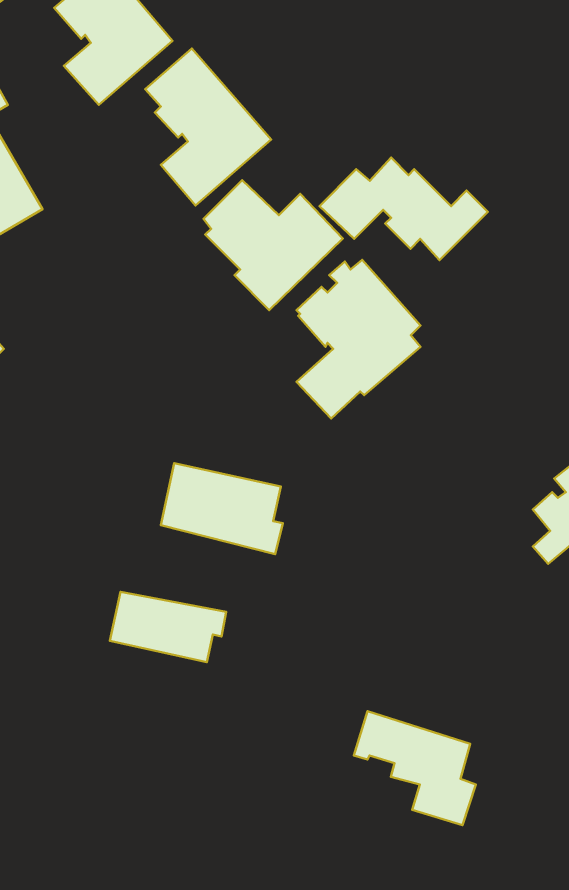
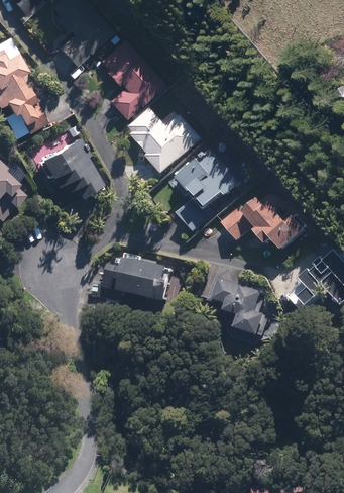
building: [319,158,488,260] -> [221,198,309,252]
building: none -> [38,136,100,195]
building: [110,592,226,662] -> none
building: [354,711,476,825] -> [207,277,270,336]

